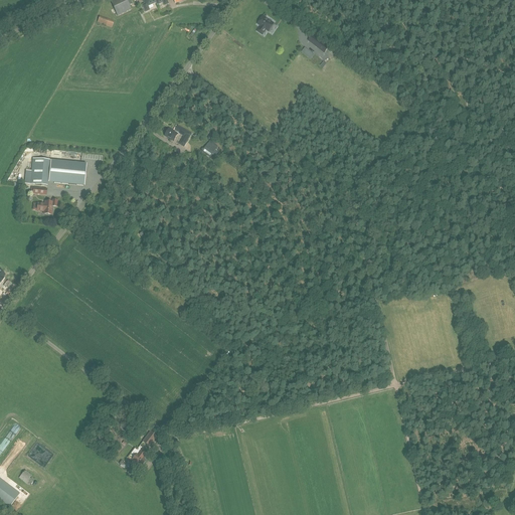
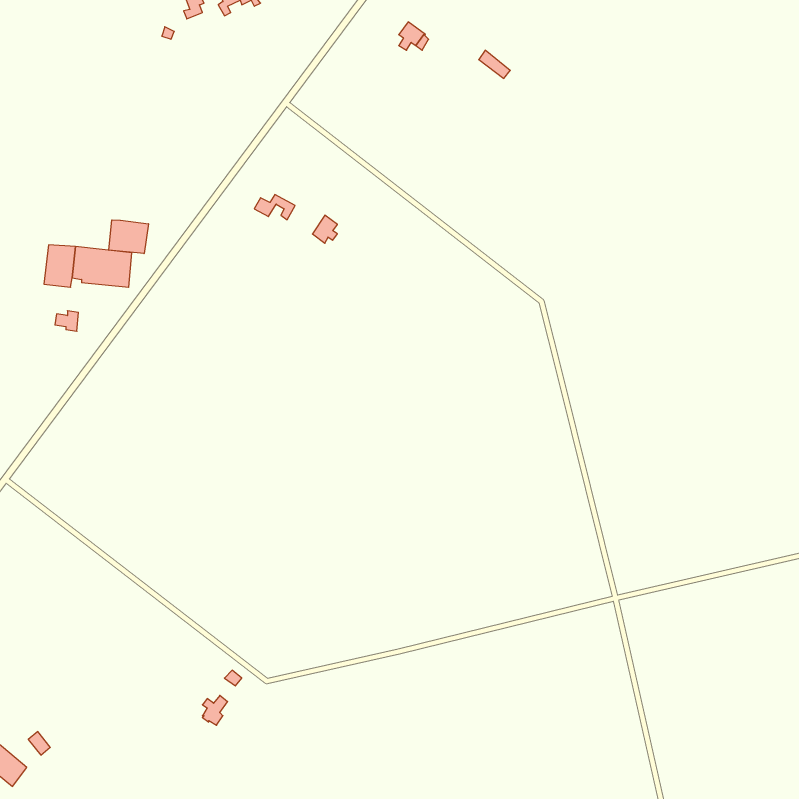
building: none -> [109,220,148,254]

